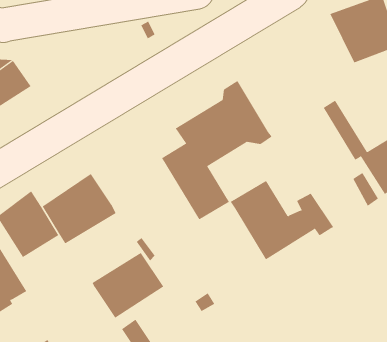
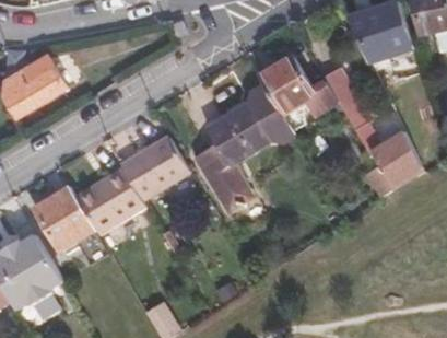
building: [230,180,334,260] -> [257,53,356,129]
building: [92,252,164,318] -> [119,135,188,198]

